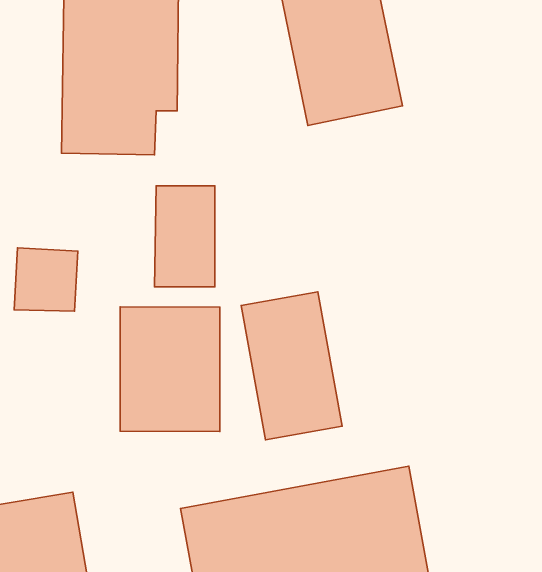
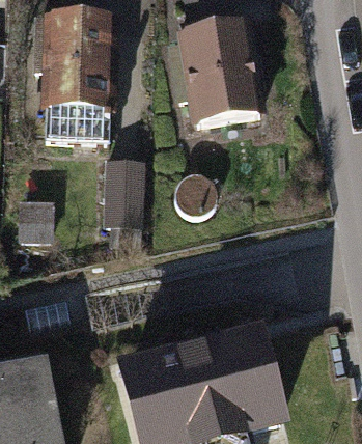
building: [241,292,342,440] -> none
building: [120,307,220,431] -> none

